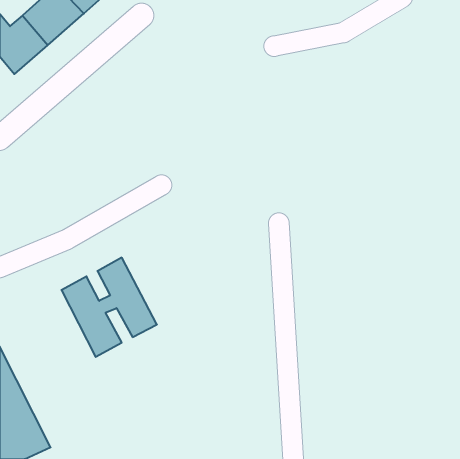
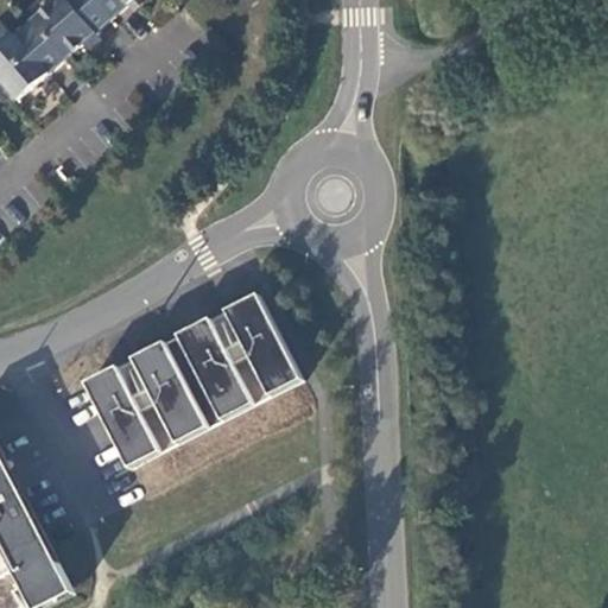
building: none -> [173,291,302,420]

